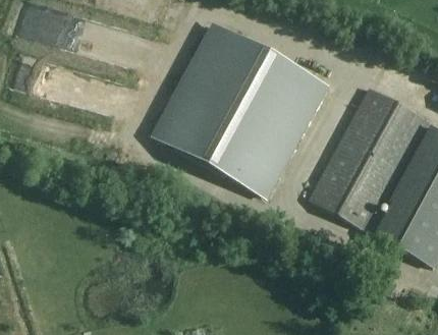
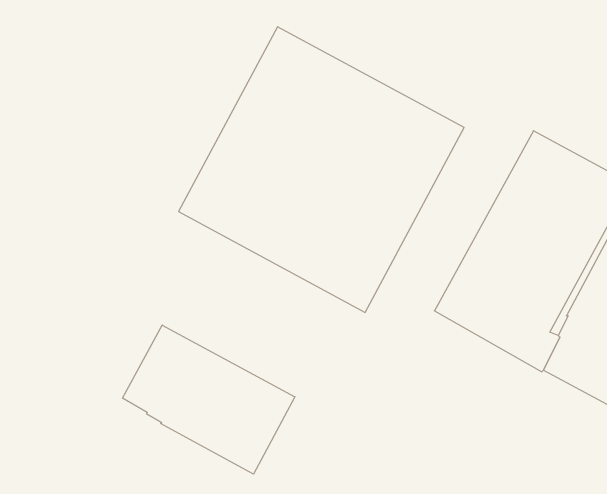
building: none -> [123,325,295,474]

